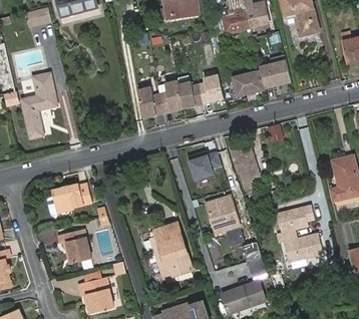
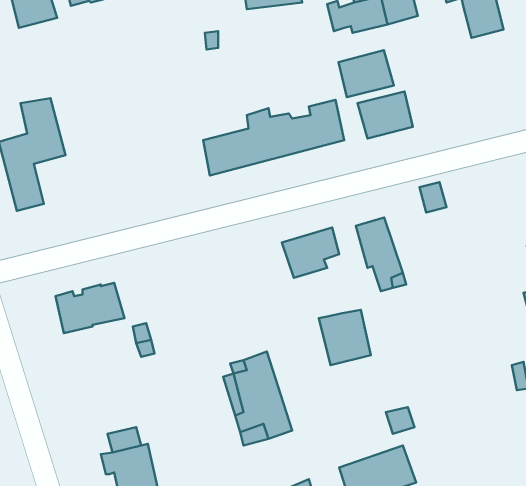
building: [260,59,293,87] -> [339,50,394,97]
building: [276,205,323,262] -> none
building: [58,231,91,265] -> none

